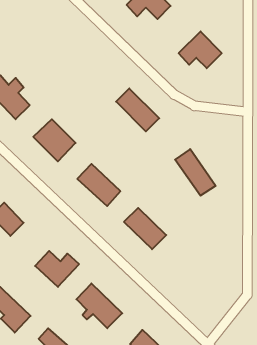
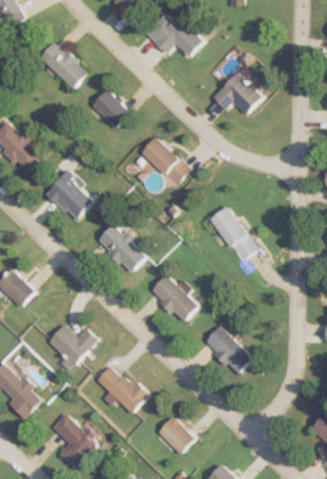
building: none -> [38,40,86,88]
building: none -> [90,88,129,127]
building: none -> [202,325,251,373]

